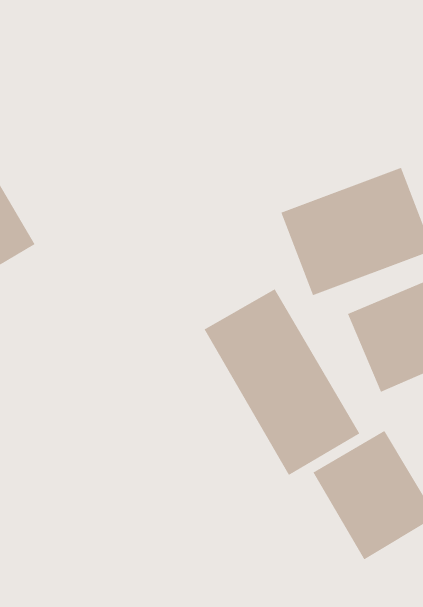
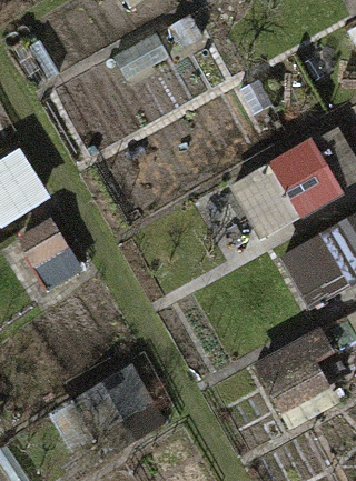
building: [204,289,360,476] -> none

